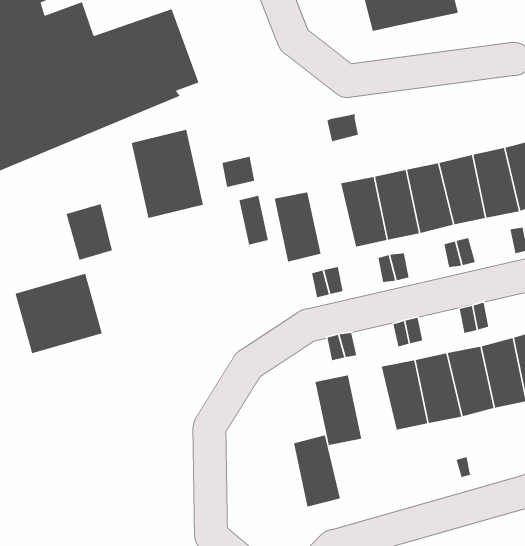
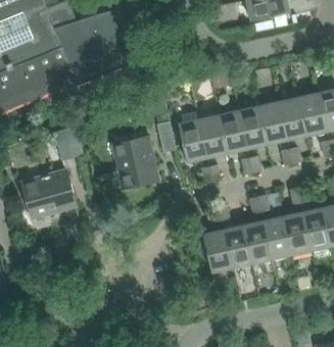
building: [131,129,204,219] -> [113,135,157,189]
building: none -> [199,114,228,157]
building: [293,434,341,507] -> [224,225,252,268]

